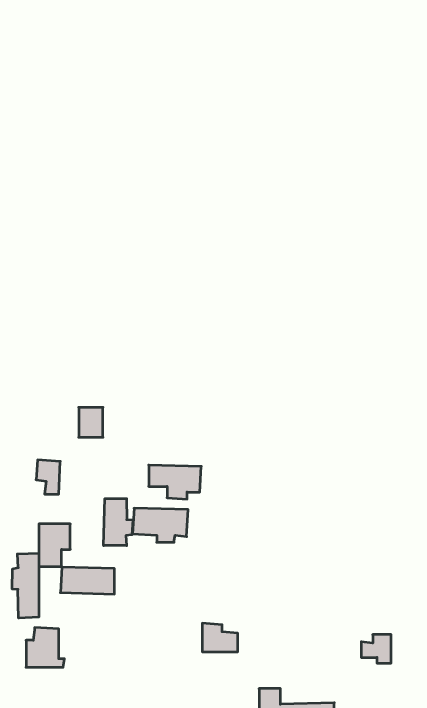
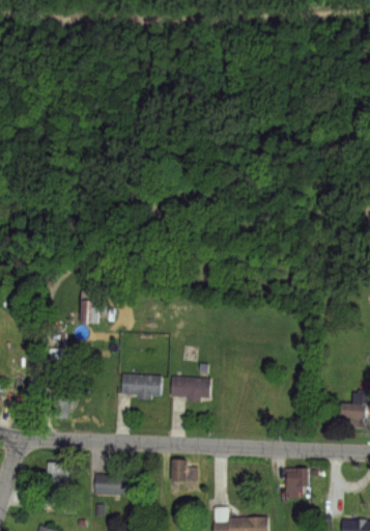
building: [149,465,201,499] -> [172,379,210,403]
building: [104,499,133,546] -> none
building: [12,553,39,618] -> none
building: [60,567,114,594] -> [93,474,133,494]

